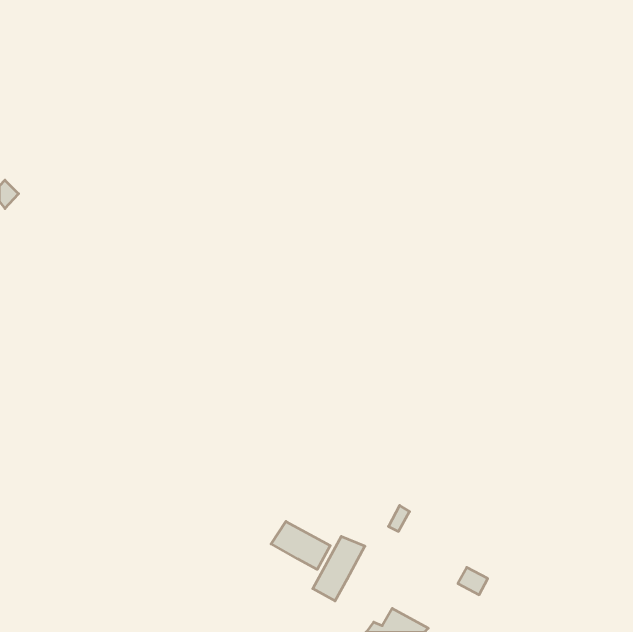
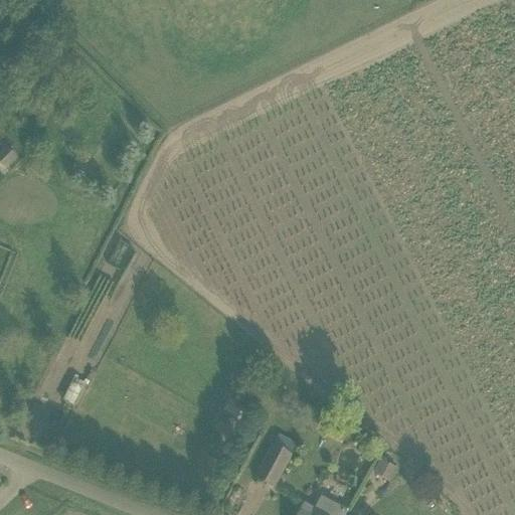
building: [271,521,330,569] -> none

